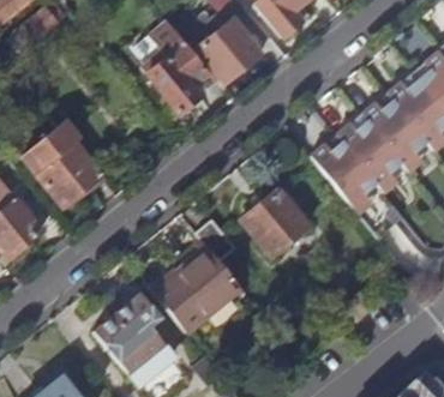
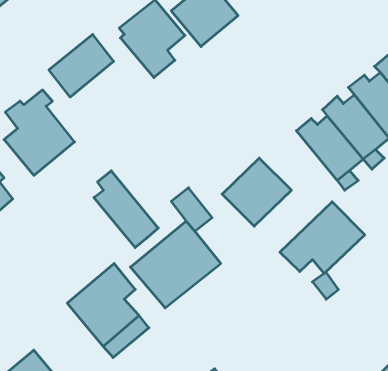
building: none -> [49,34,114,97]
building: none -> [94,171,158,248]
building: none -> [280,202,365,273]

